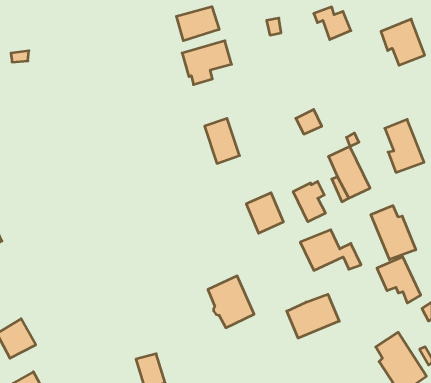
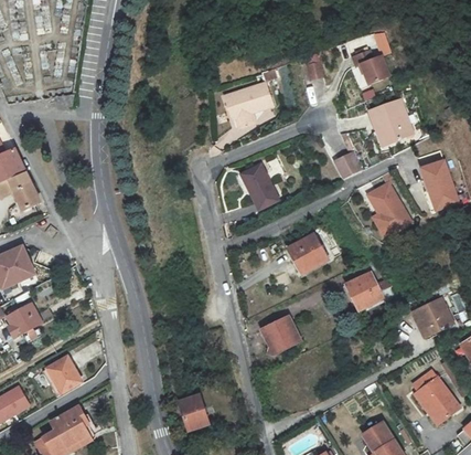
building: [176,7,219,41] -> none
building: [381,19,425,65] -> [370,97,413,142]
building: [293,181,325,222] -> none
building: [371,206,416,260] -> none
building: [287,294,339,338] -> none

